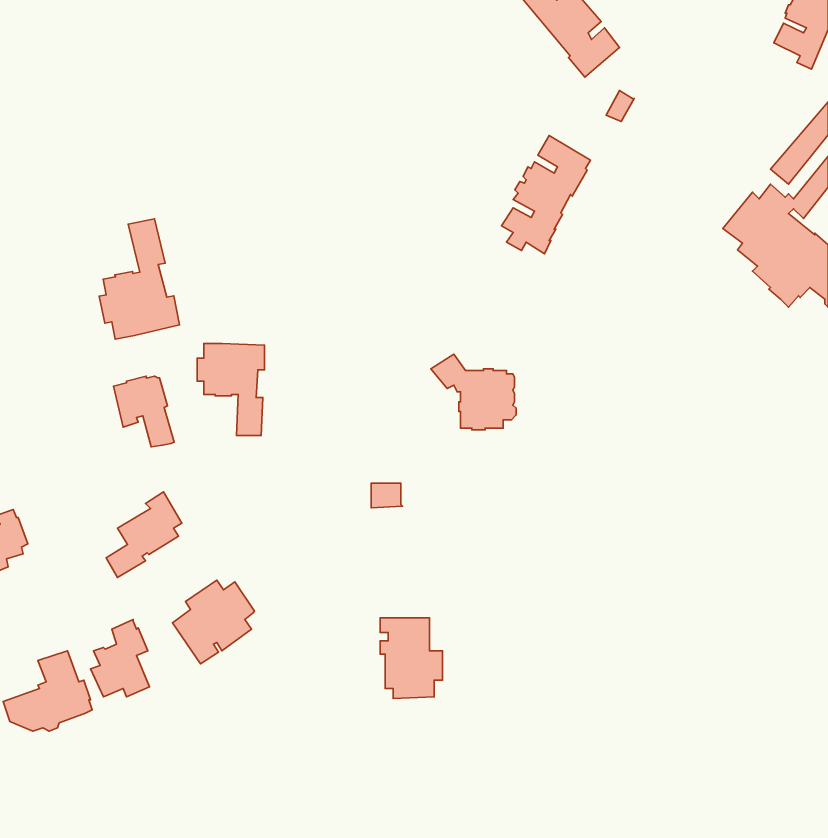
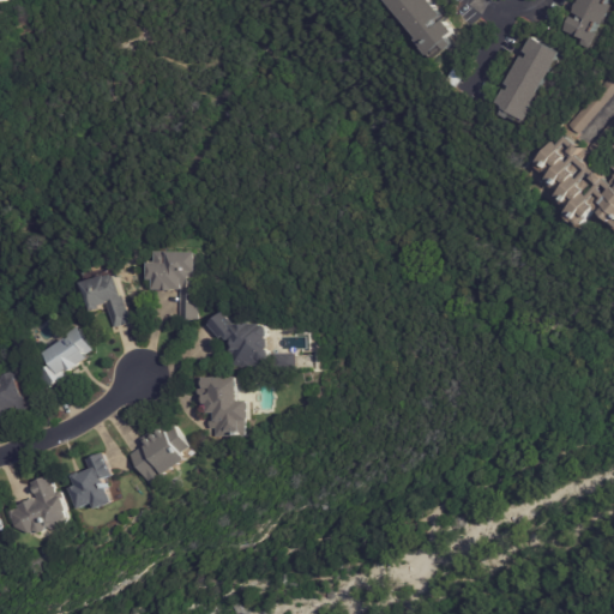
building: [502,136,590,254] -> [494,37,559,124]
building: [99,219,180,339] -> none
building: [431,354,516,430] -> [204,312,266,367]
building: [106,492,182,577] -> [34,326,89,389]
building: [380,618,443,698] -> [201,377,247,435]

